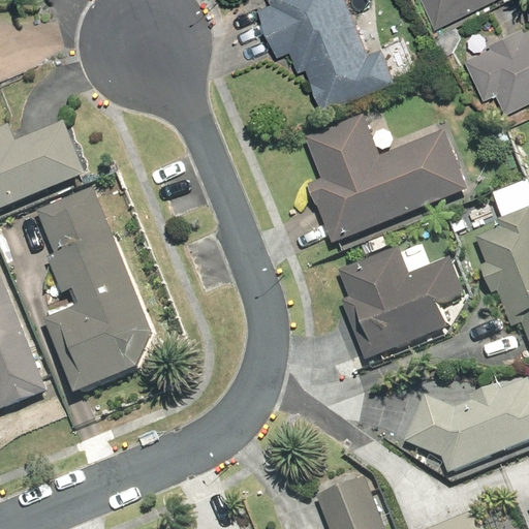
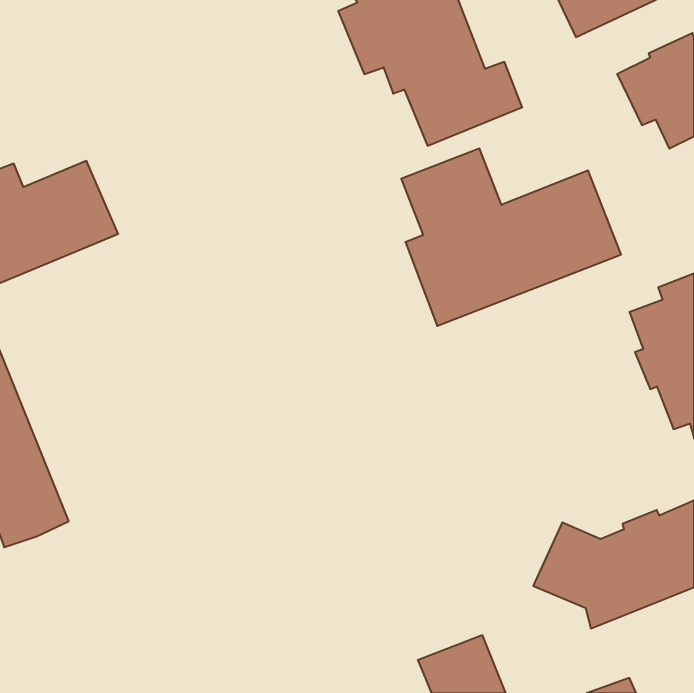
building: [38,186,159,399] -> none
building: [335,245,466,360] -> none

